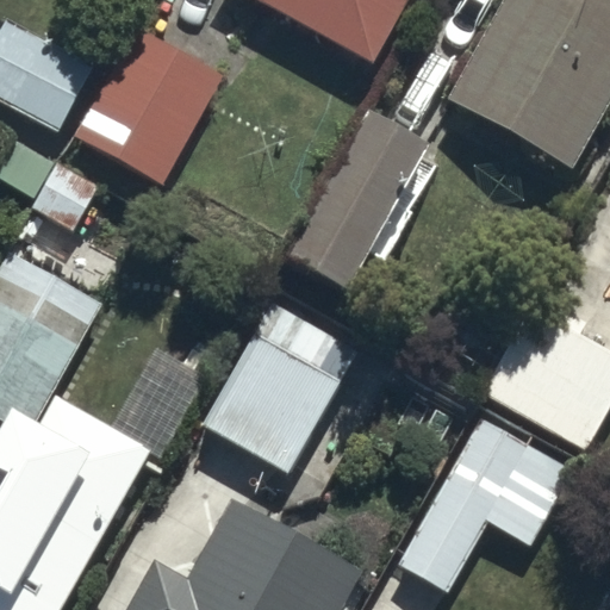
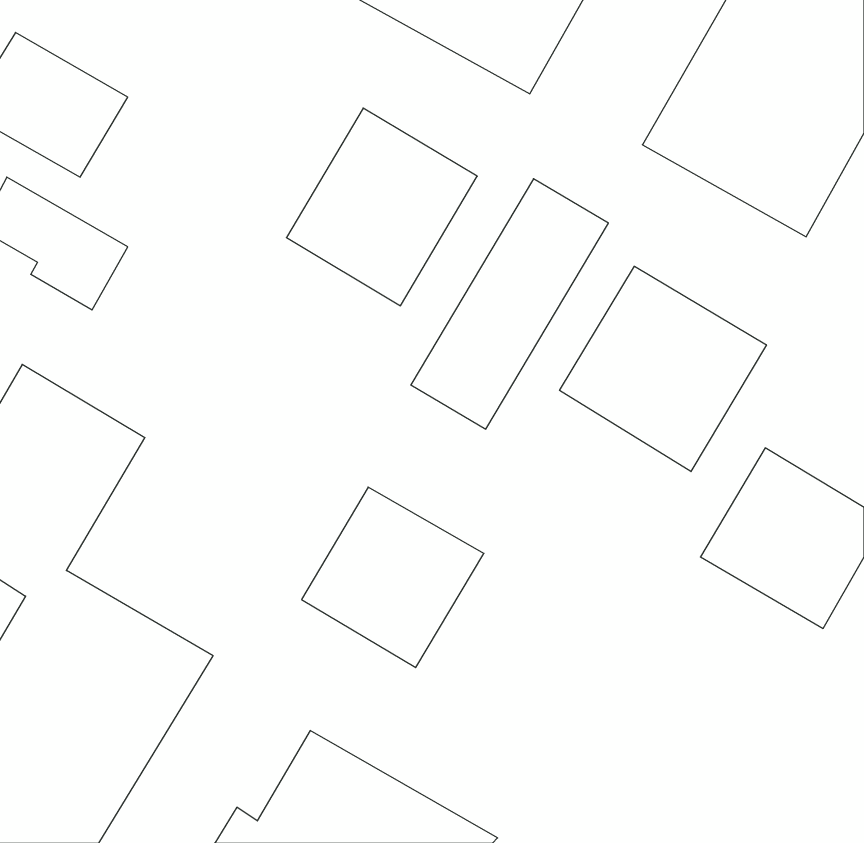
building: [83,39,217,178] -> [286,108,477,306]
building: none -> [560,266,766,472]
building: [405,421,565,579] -> none

